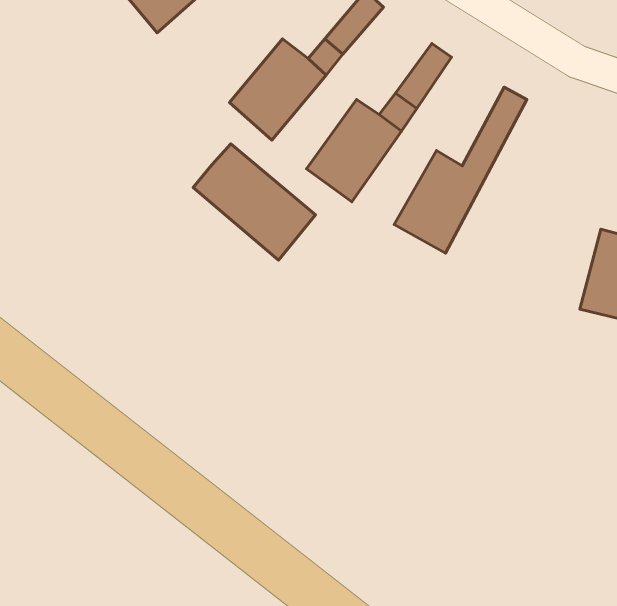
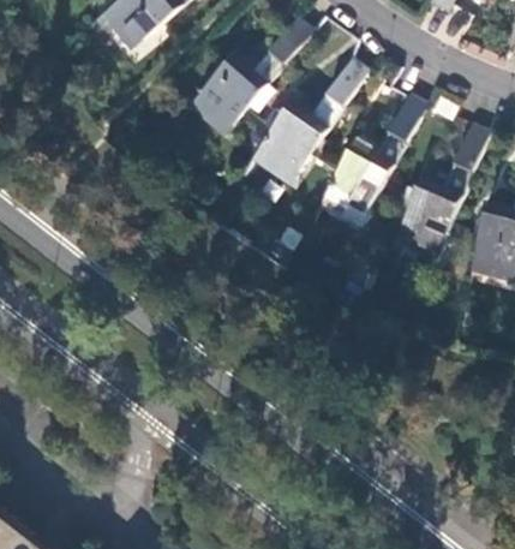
building: none -> [391,124,486,270]
building: [193,144,316,260] -> none

